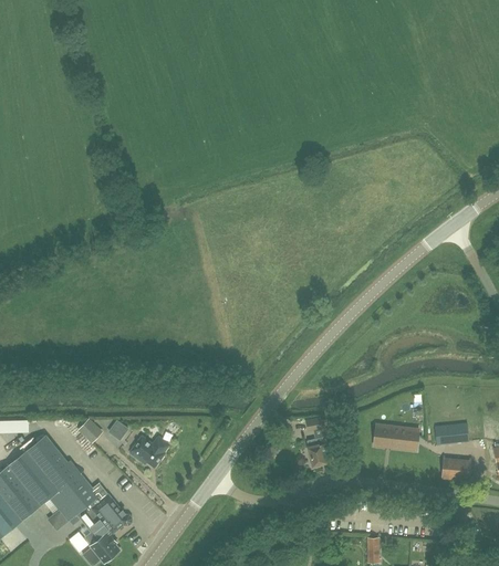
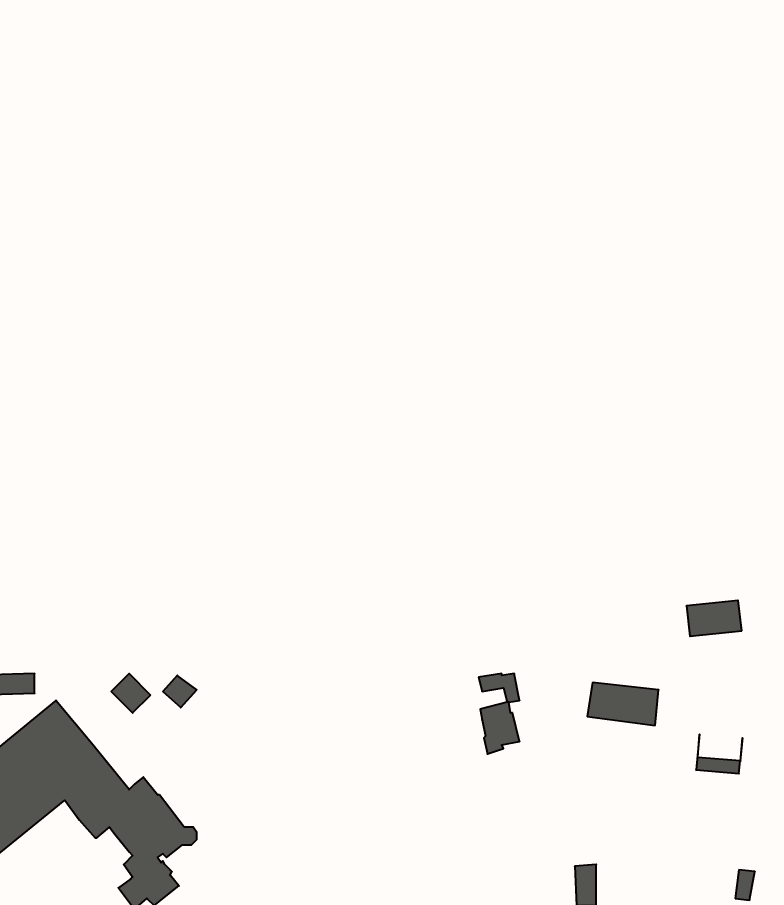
building: [434,422,468,444] -> [686,600,742,636]
building: [128,434,169,467] -> none

